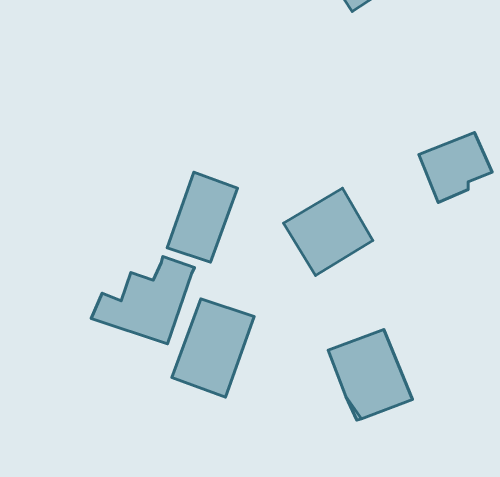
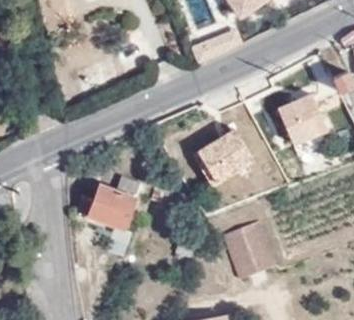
building: [167,172,237,262] -> none
building: [172,299,254,397] -> none

